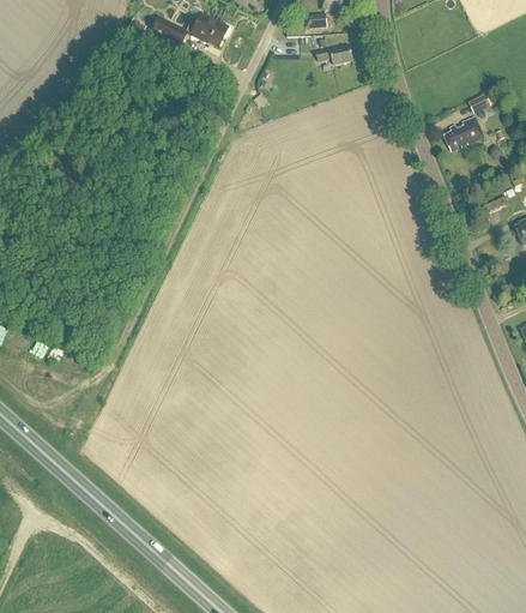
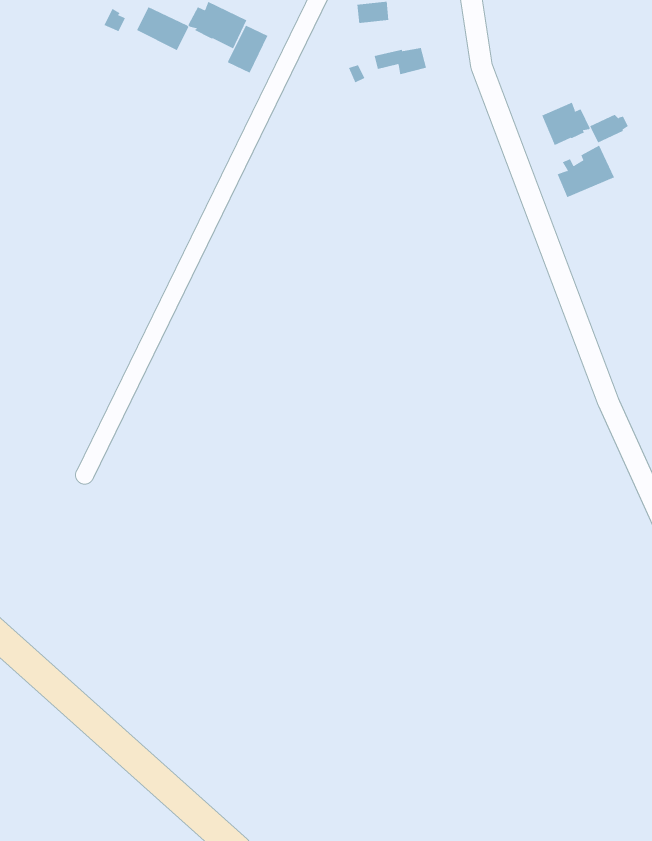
building: none -> [228,25,268,73]
building: none -> [542,102,590,146]

